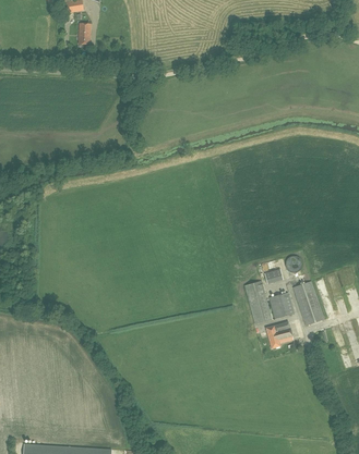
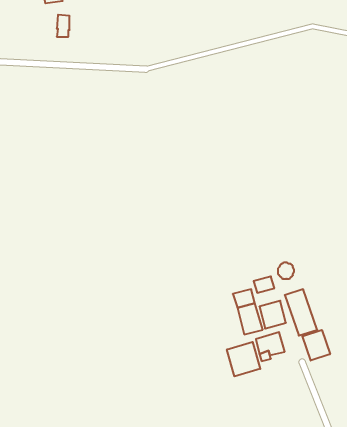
building: none -> [302,330,330,361]
building: none -> [227,342,260,376]

